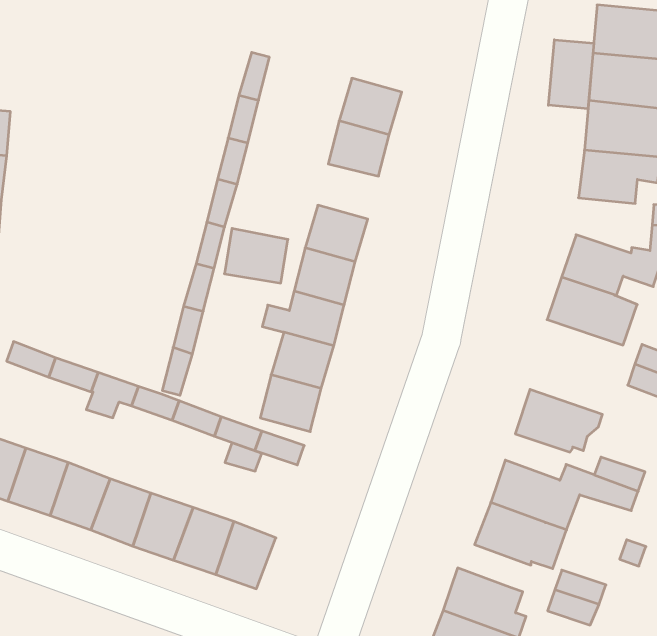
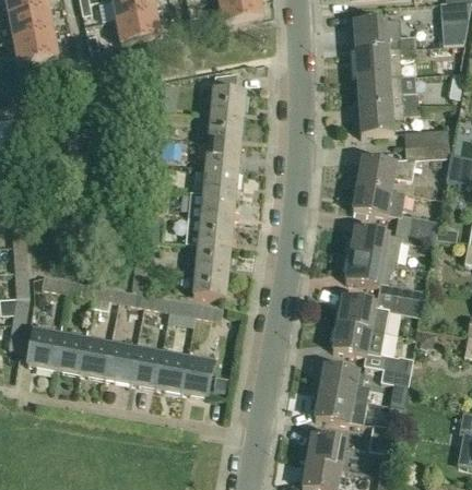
building: [548,40,594,109] -> none
building: none -> [208,140,240,168]
building: none -> [345,226,403,261]

